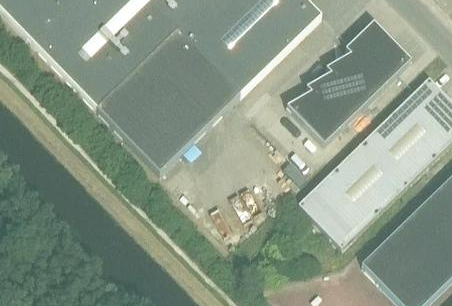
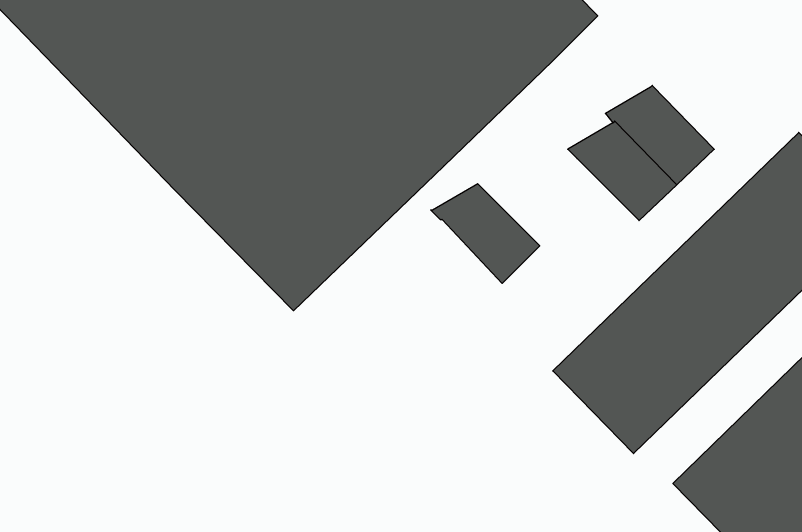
building: [345,19,412,85] -> none
building: [286,90,344,143] -> [431,184,540,283]

